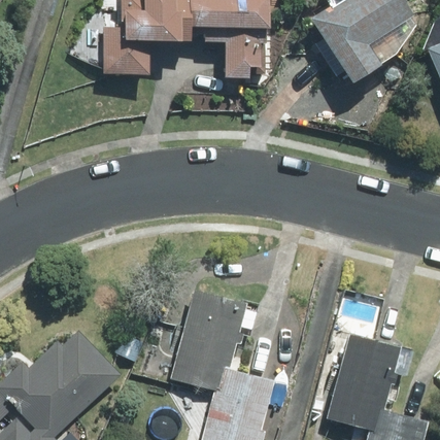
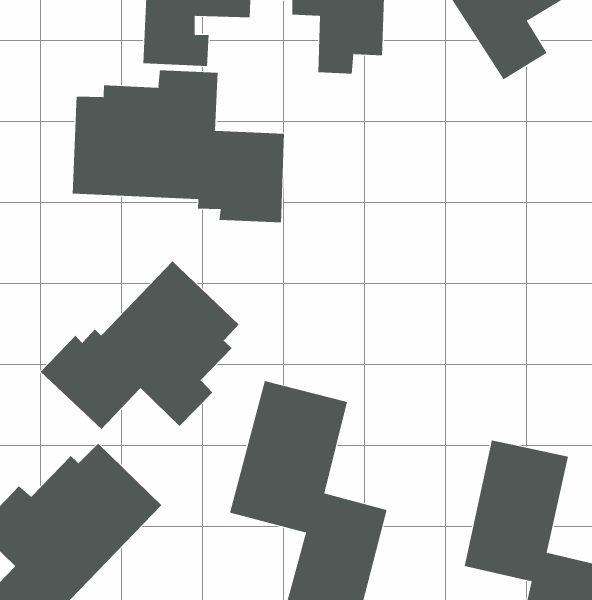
building: none -> [72,69,284,223]
building: none -> [40,261,239,430]

